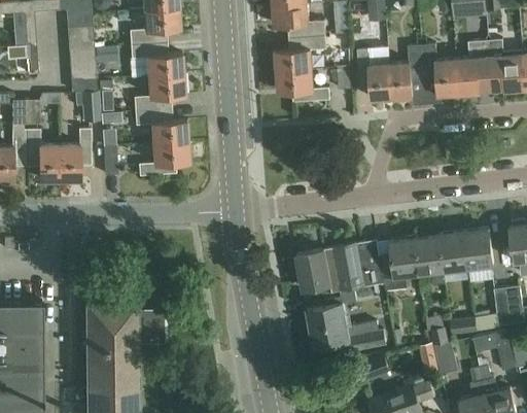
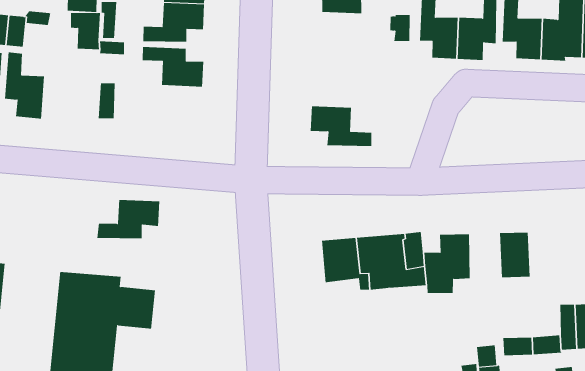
building: [277,69,329,102] -> [310,106,372,146]
building: [59,129,91,180] -> none
building: [139,141,188,176] -> [97,200,160,239]
building: [462,229,492,268] -> none
building: [415,235,446,283] -> none
building: [306,288,385,350] -> none

